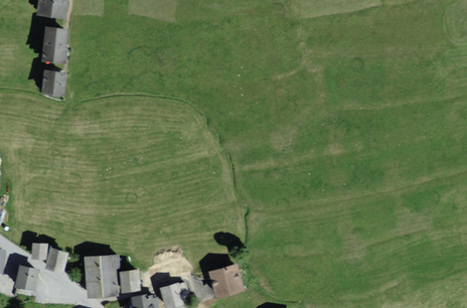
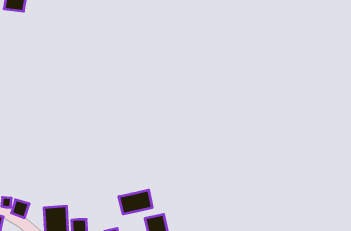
building: [43,27,63,61] -> none
building: [42,72,61,95] -> none
building: none -> [119,190,152,214]

